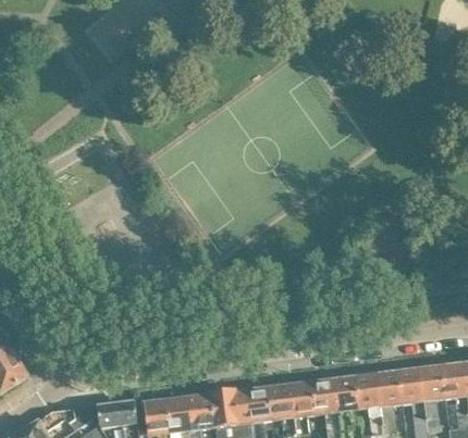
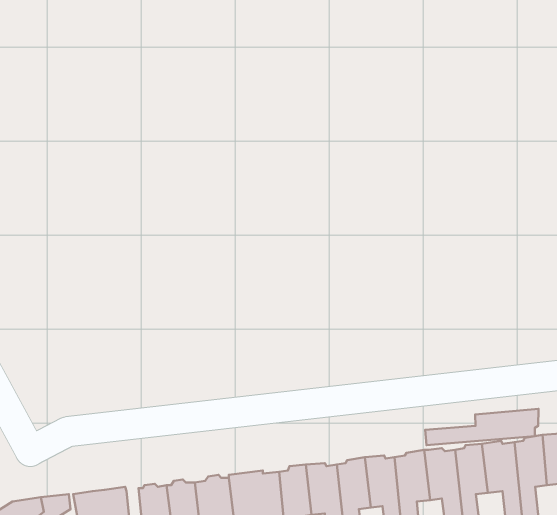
building: none -> [425,409,538,445]

